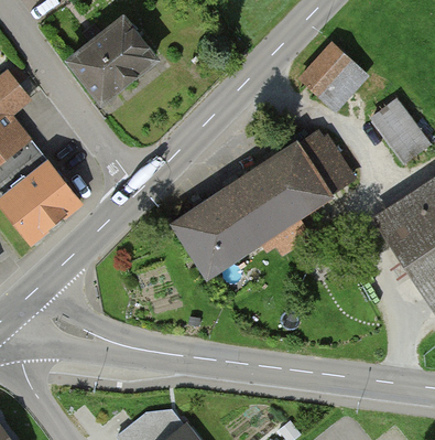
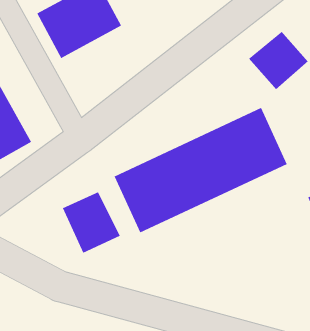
building: none -> [62,191,121,254]

